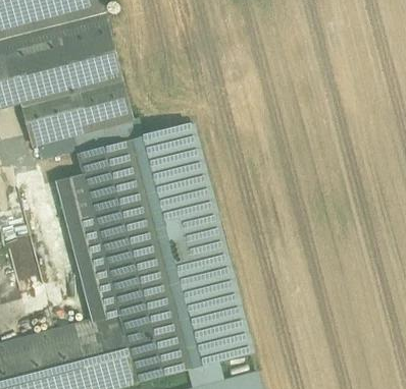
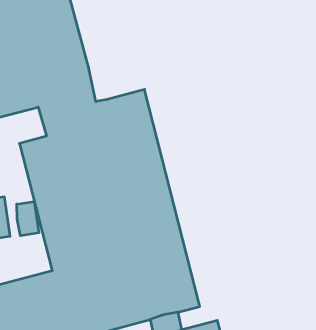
building: none -> [17,201,39,236]

